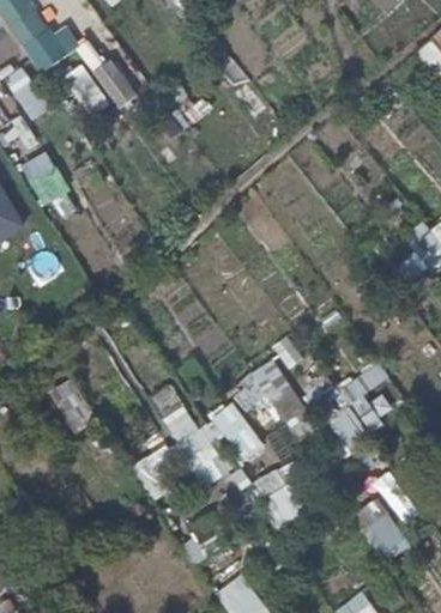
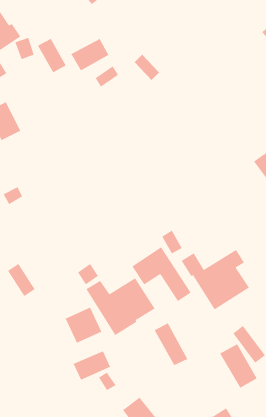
building: none -> [71,38,109,71]
building: none -> [73,350,111,381]

